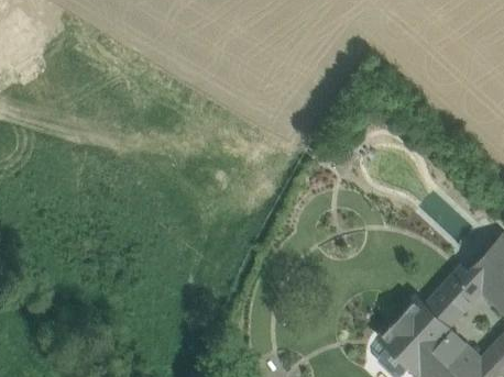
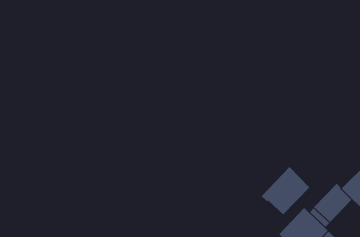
building: none -> [261,166,310,215]

